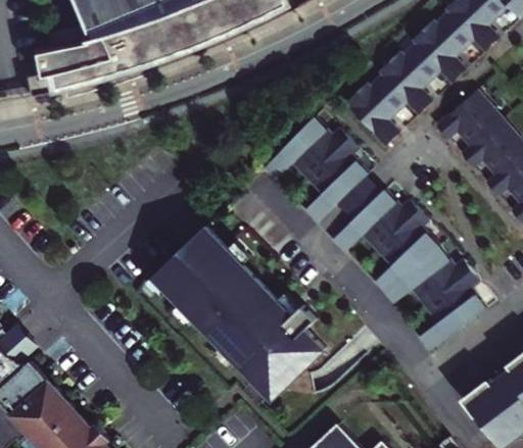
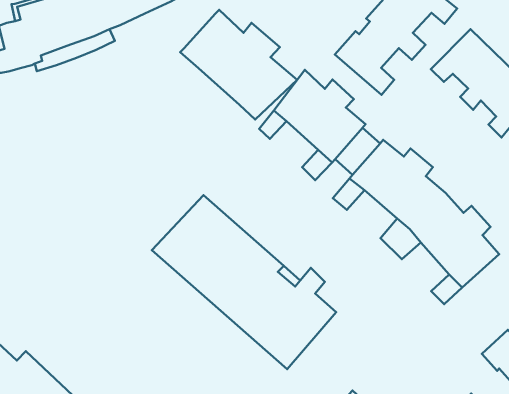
building: none -> [180,10,297,119]

